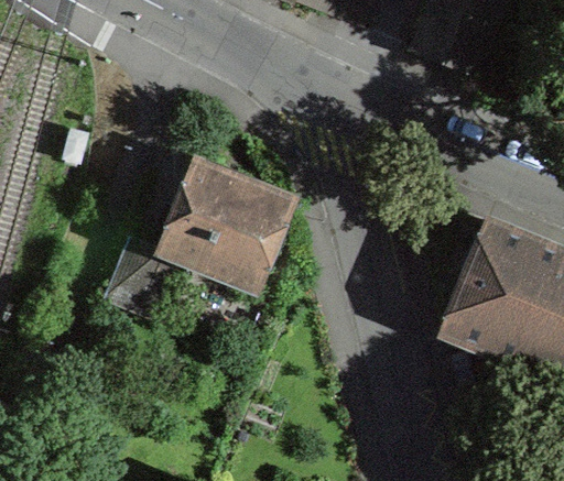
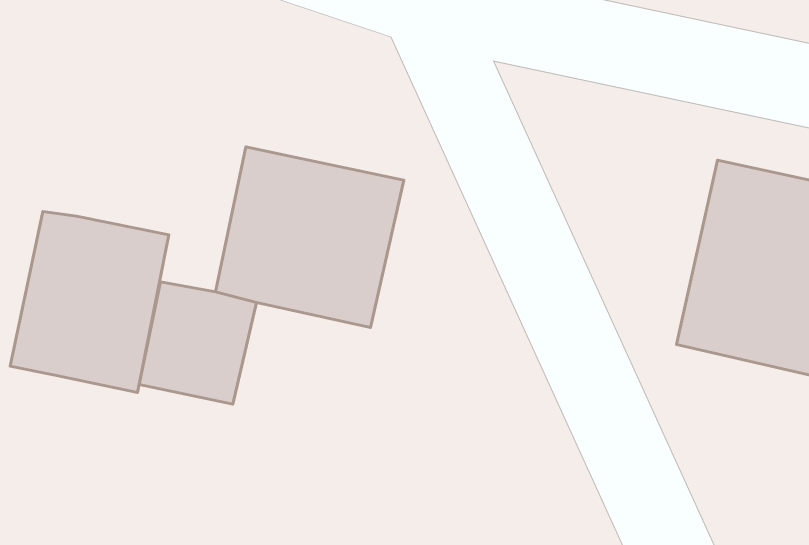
building: none -> [10,212,169,393]

